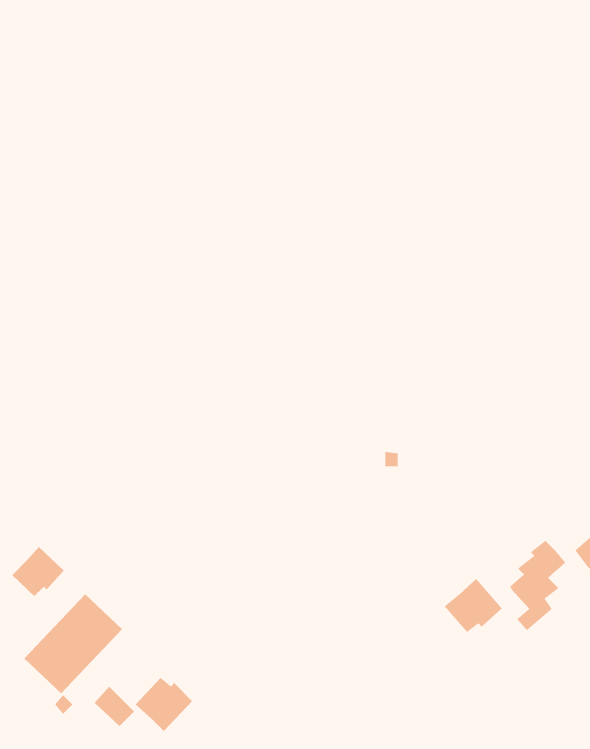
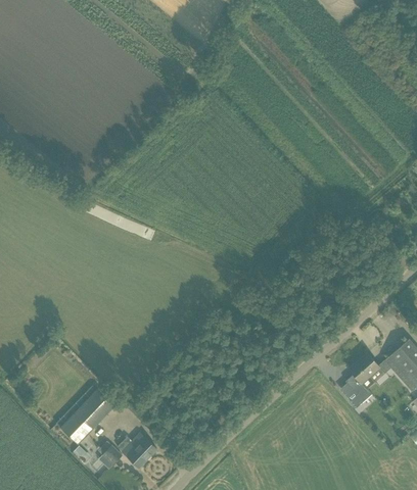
building: [11,546,65,597] -> none
building: [444,578,502,633] -> none

